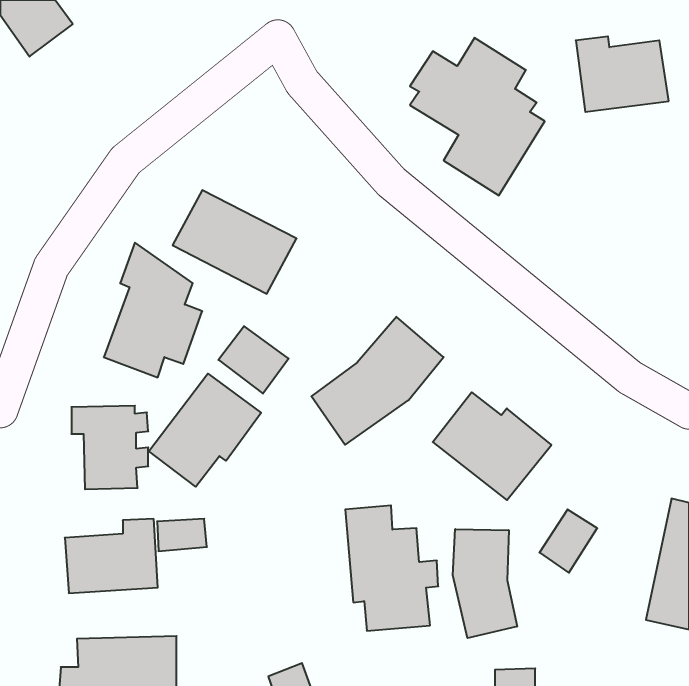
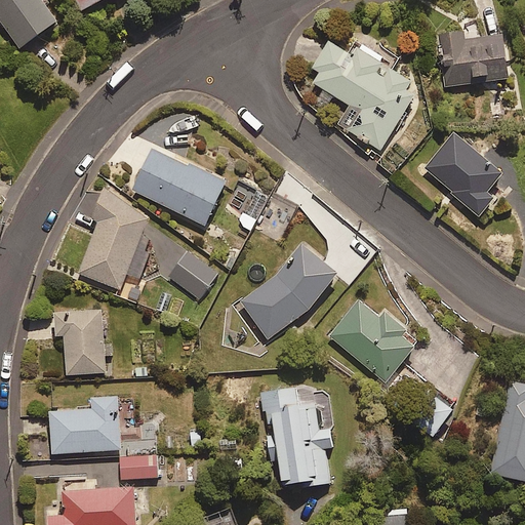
building: none -> [425,132,501,215]
building: [149,374,261,487] -> none
building: [157,519,207,551] -> [120,456,158,481]
building: [453,529,517,638] -> none

